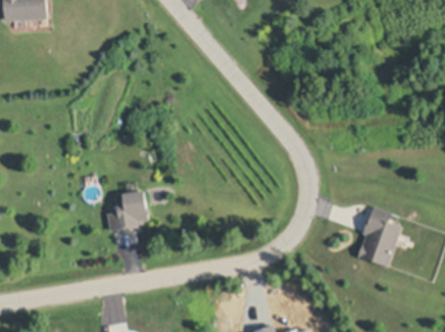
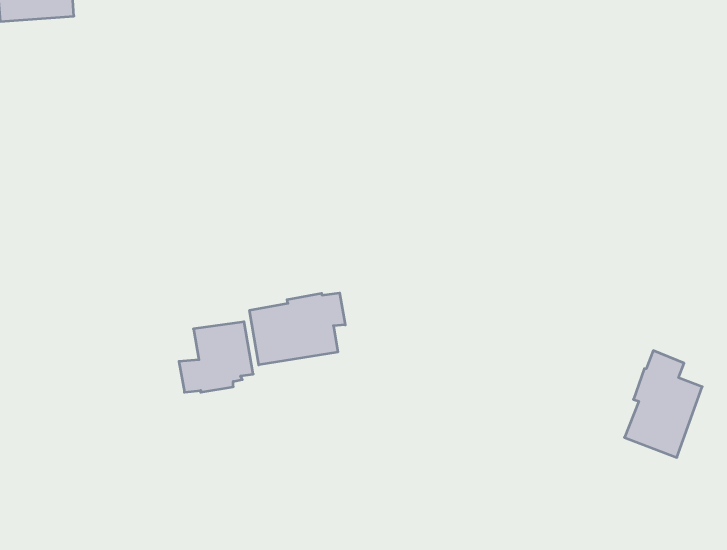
building: none -> [250,293,345,365]

